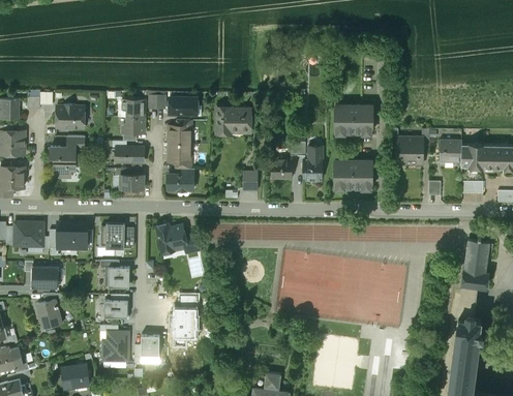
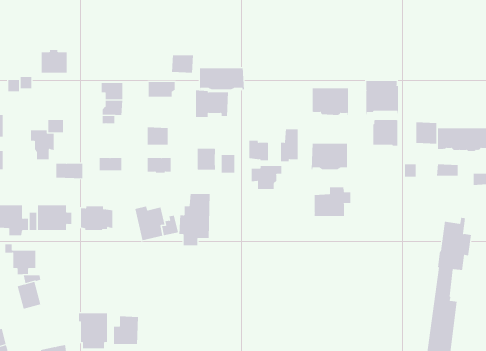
building: none -> [199,68,244,90]
building: none -> [366,80,398,115]
building: [57,104,84,128] -> [41,50,67,73]
building: [169,126,191,145] -> [171,55,194,73]
building: [116,147,144,162] -> [56,163,83,179]
building: none -> [197,148,216,171]
building: none -> [251,165,282,190]
building: none -> [314,187,351,217]
building: [100,261,129,287] -> none
building: [168,293,200,345] -> [179,193,210,246]
building: [104,294,129,318] -> none

